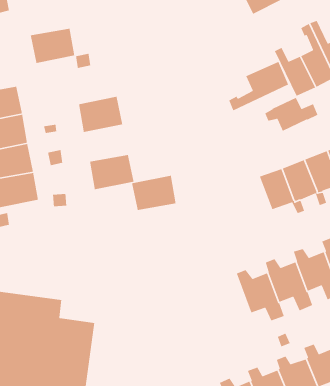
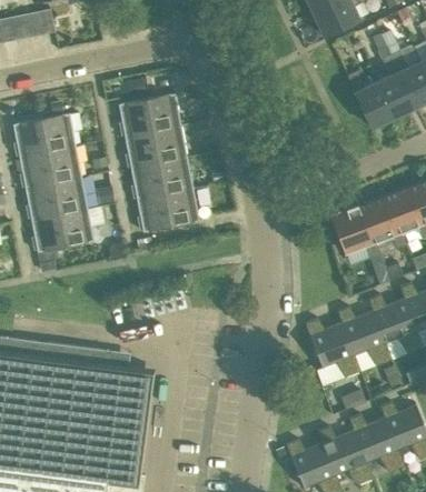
building: [30,28,75,64] -> [123,97,174,137]
building: [228,61,289,112] -> none
building: [264,97,319,132] -> none
building: [131,175,176,211] -> [136,160,186,200]

